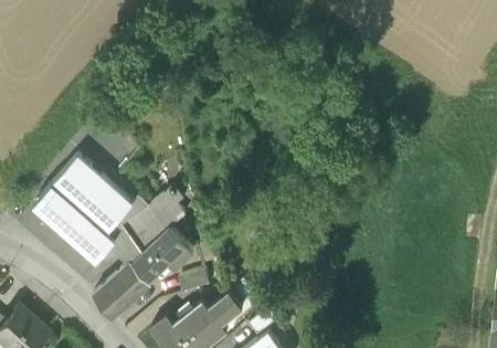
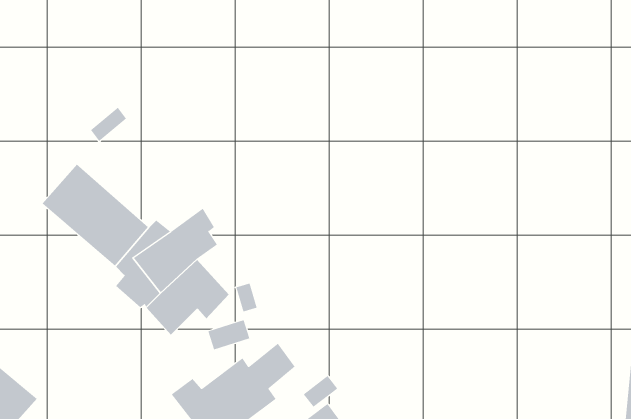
building: [33,183,114,260] -> none
building: [91,260,150,319] -> none

